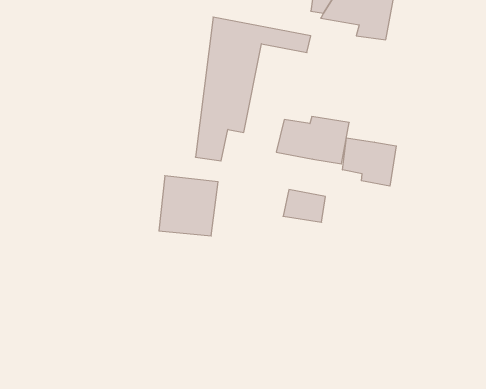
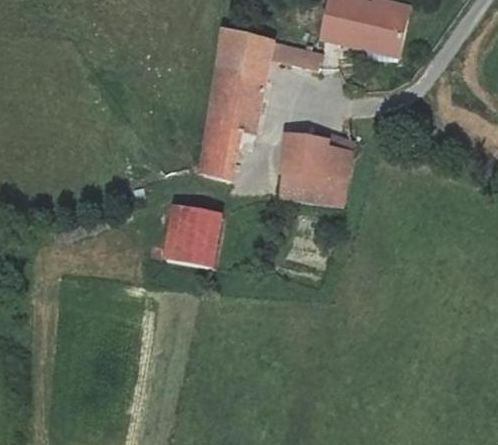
building: [343,138,396,186] -> none
building: [283,190,325,222] -> [278,172,321,205]

